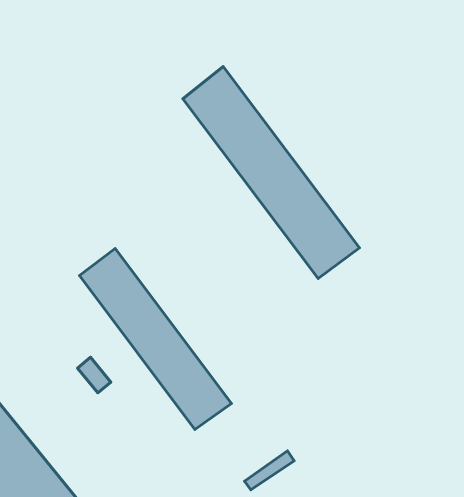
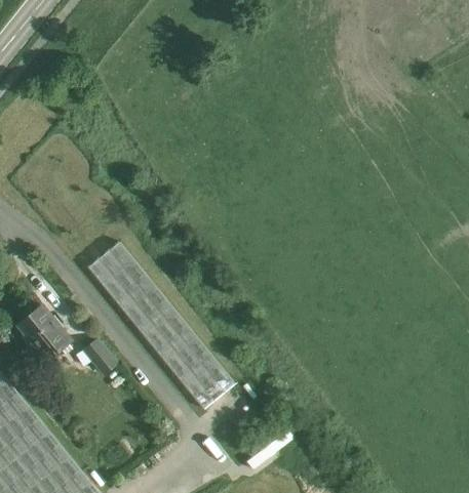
building: [183,66,360,279] -> none
building: none -> [18,306,72,361]

